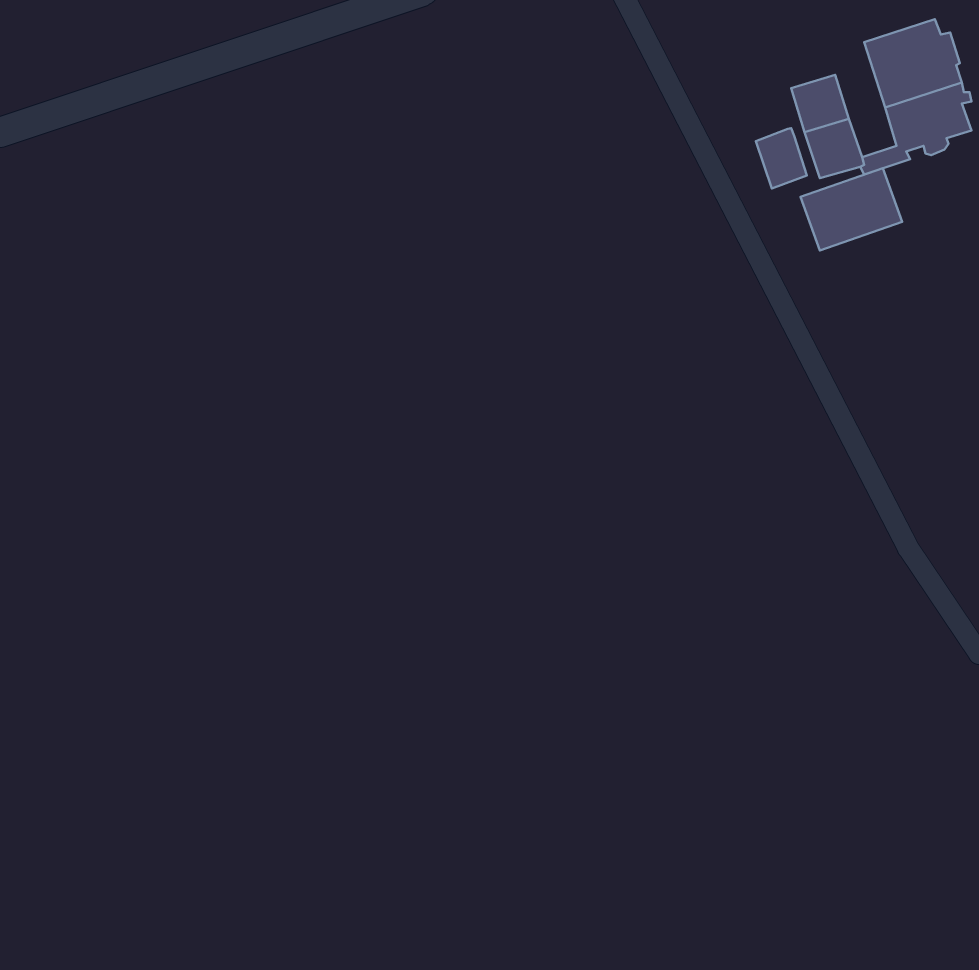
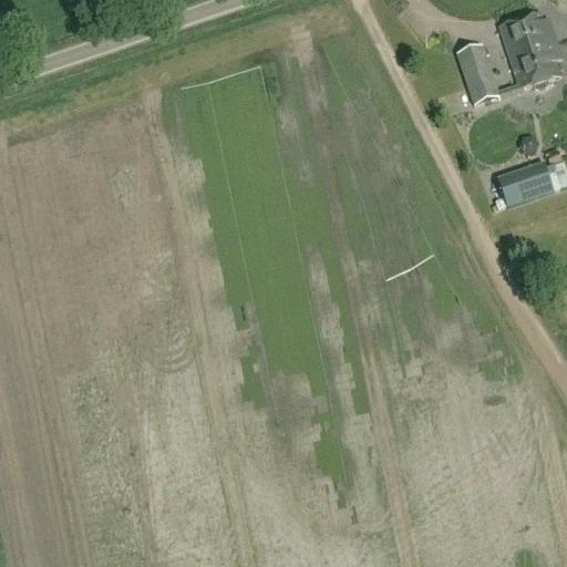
building: [756,128,807,189] -> none
building: [801,168,902,251] -> [495,158,554,206]

